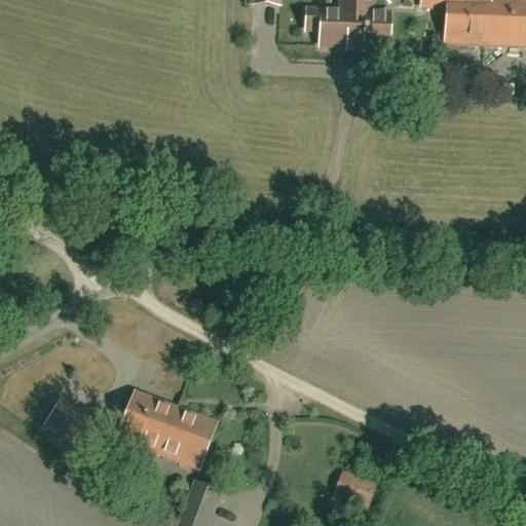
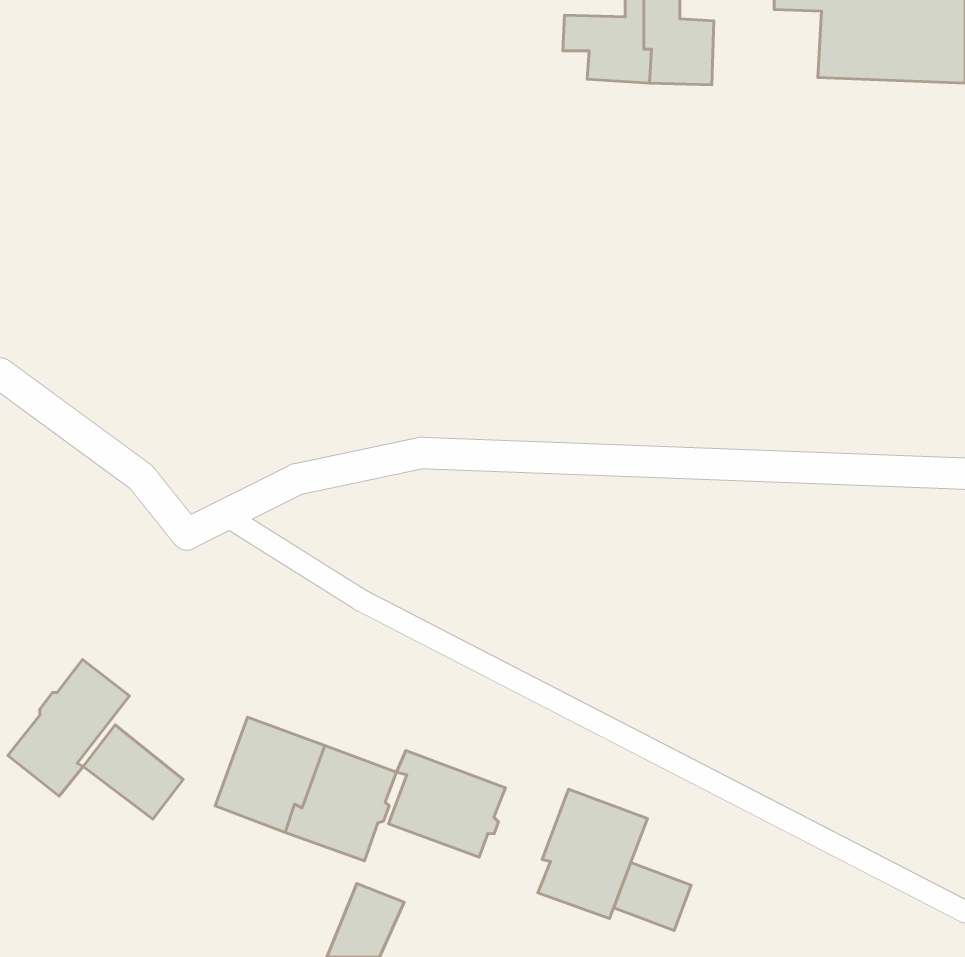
building: none -> [8,660,130,796]
building: none -> [388,750,506,857]
building: none -> [538,789,647,919]

